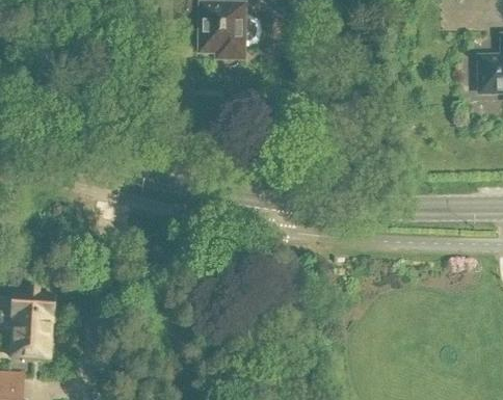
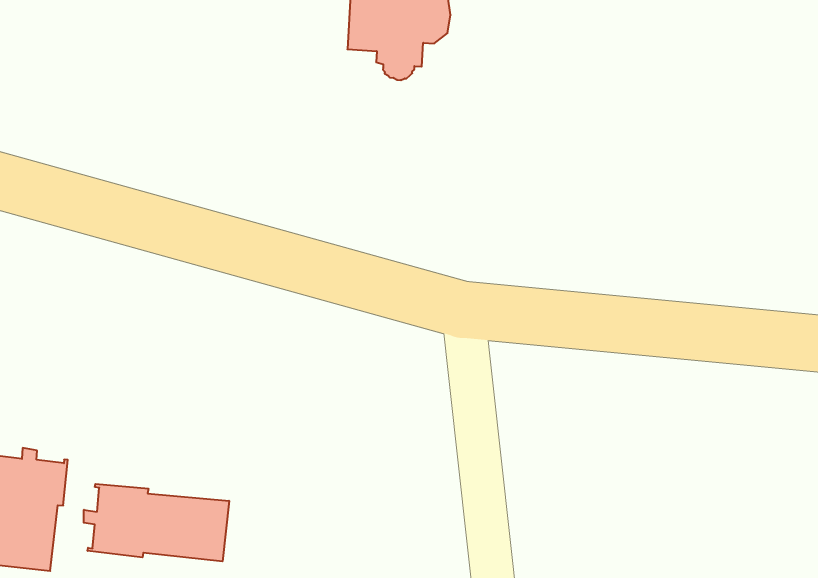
building: none -> [84,484,229,561]

